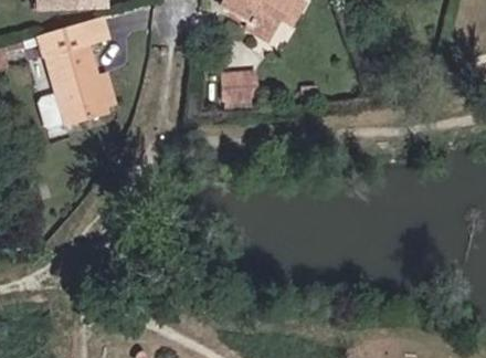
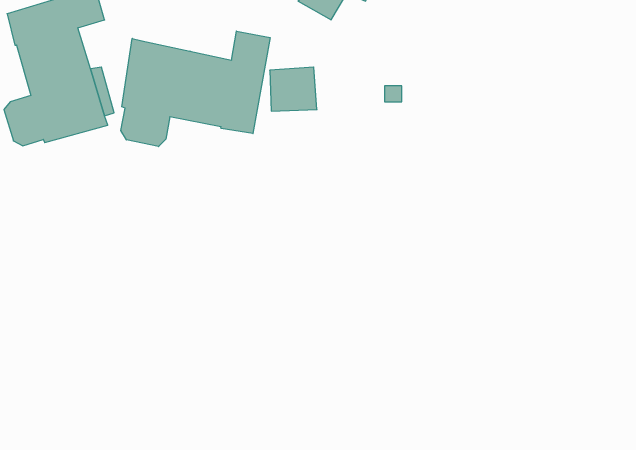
building: none -> [121,31,270,147]

